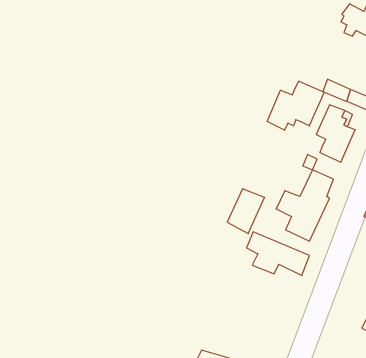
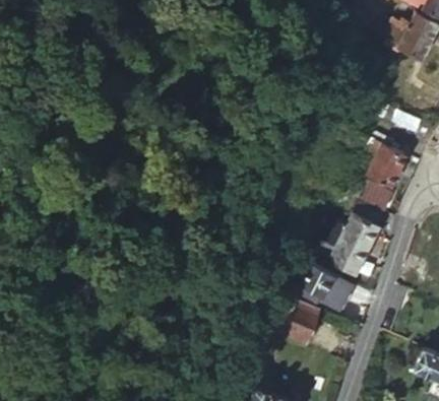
building: [267,81,324,130] -> none
building: [227,189,265,234] -> [280,299,320,347]

